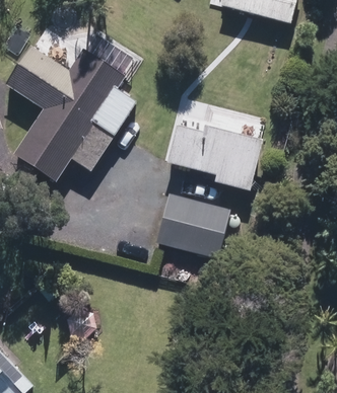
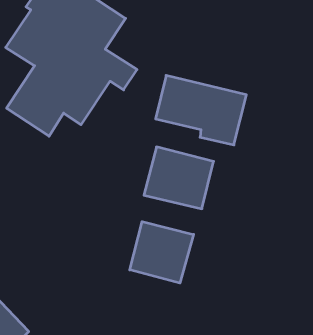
building: none -> [130,222,194,283]

